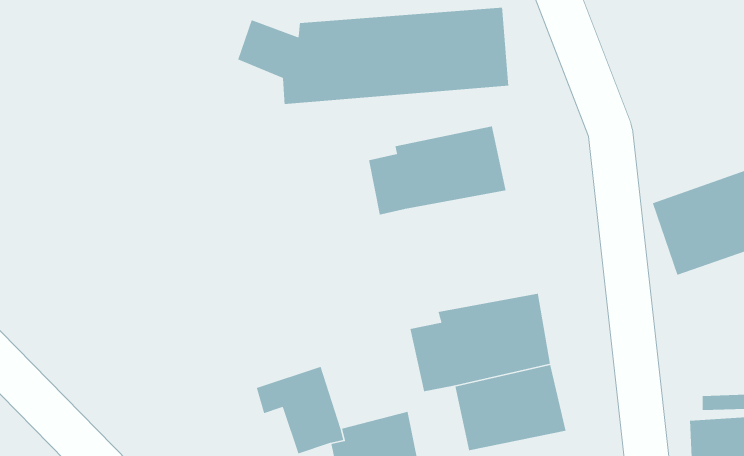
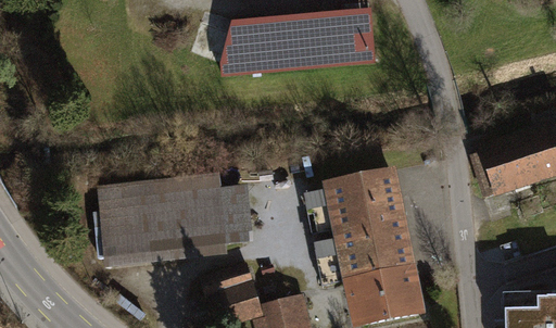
building: [368,126,507,216] -> [303,163,400,226]
building: none -> [101,171,255,265]

